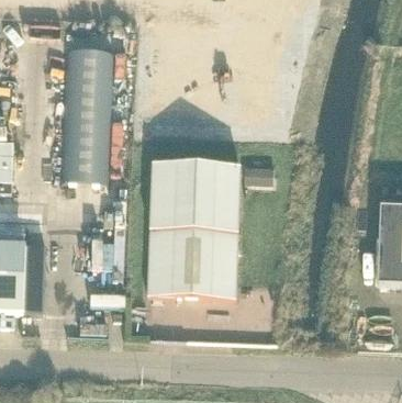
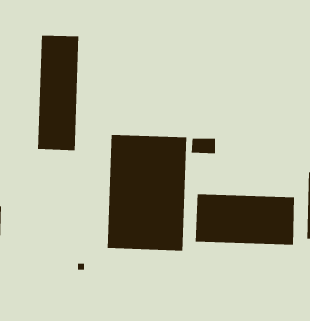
building: none -> [195,194,295,245]

